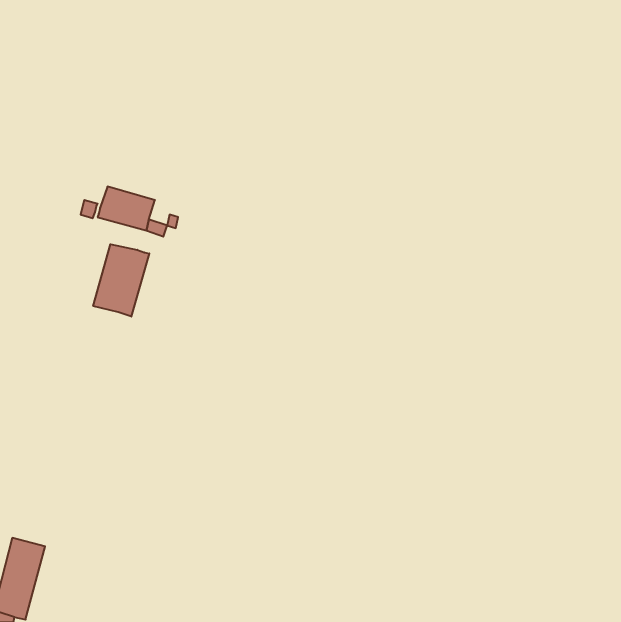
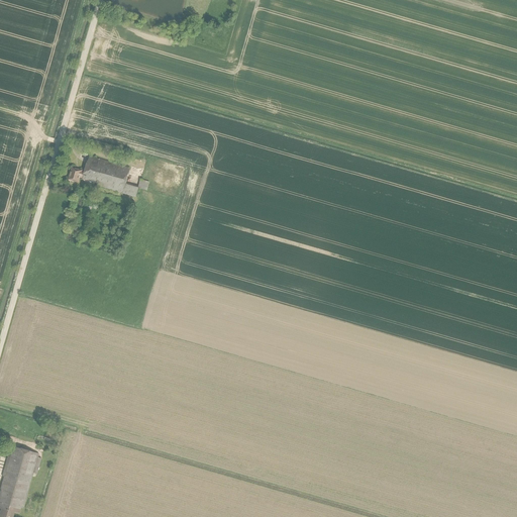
building: [93,244,149,317] -> none

